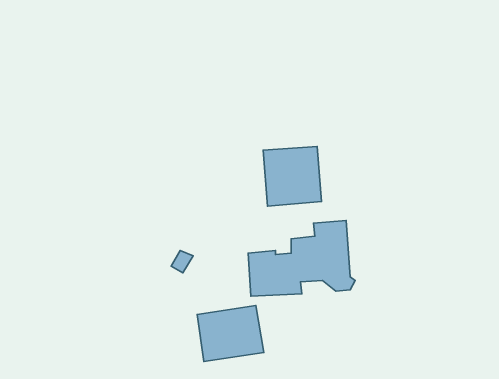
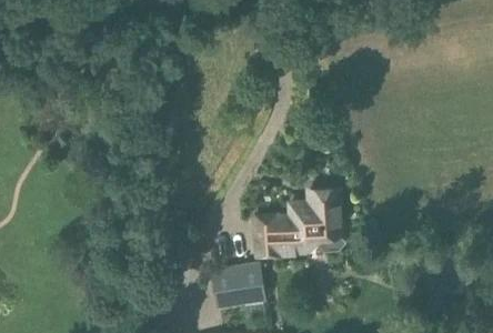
building: [263,146,321,206] -> none

